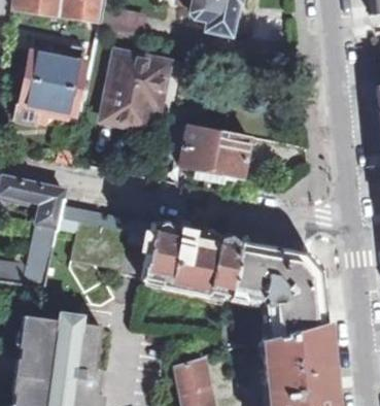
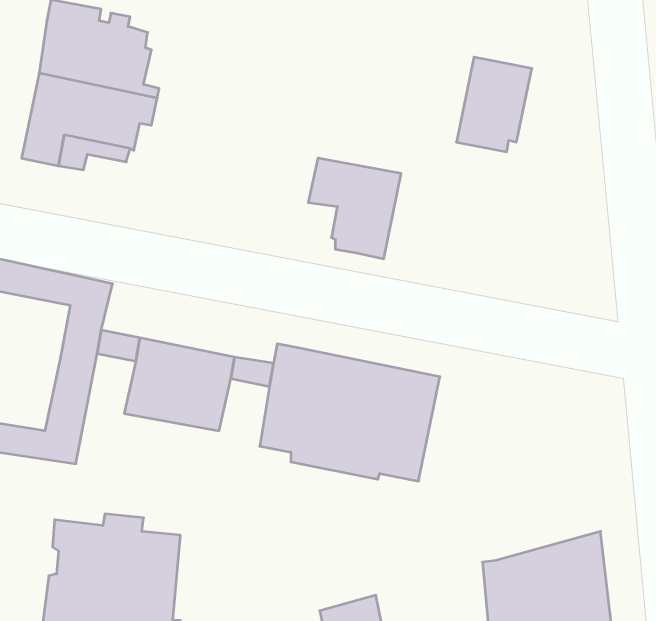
building: [104,52,166,128] -> none
building: [208,130,248,180] -> [456,57,532,152]
building: [227,238,323,336] -> none

